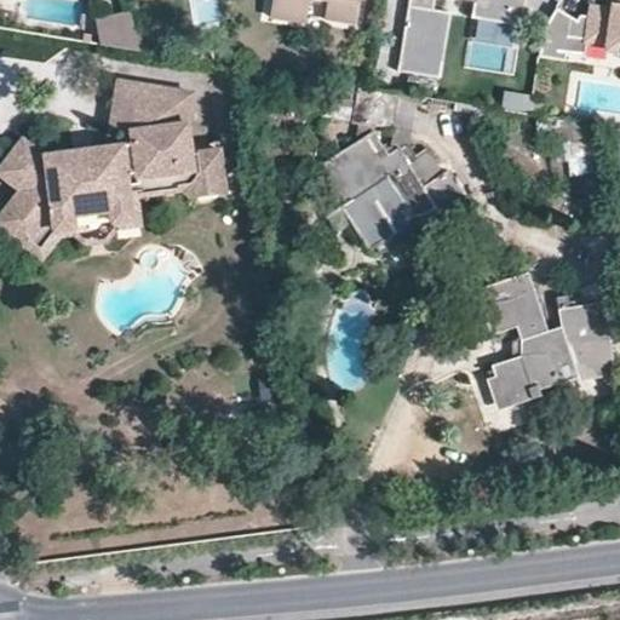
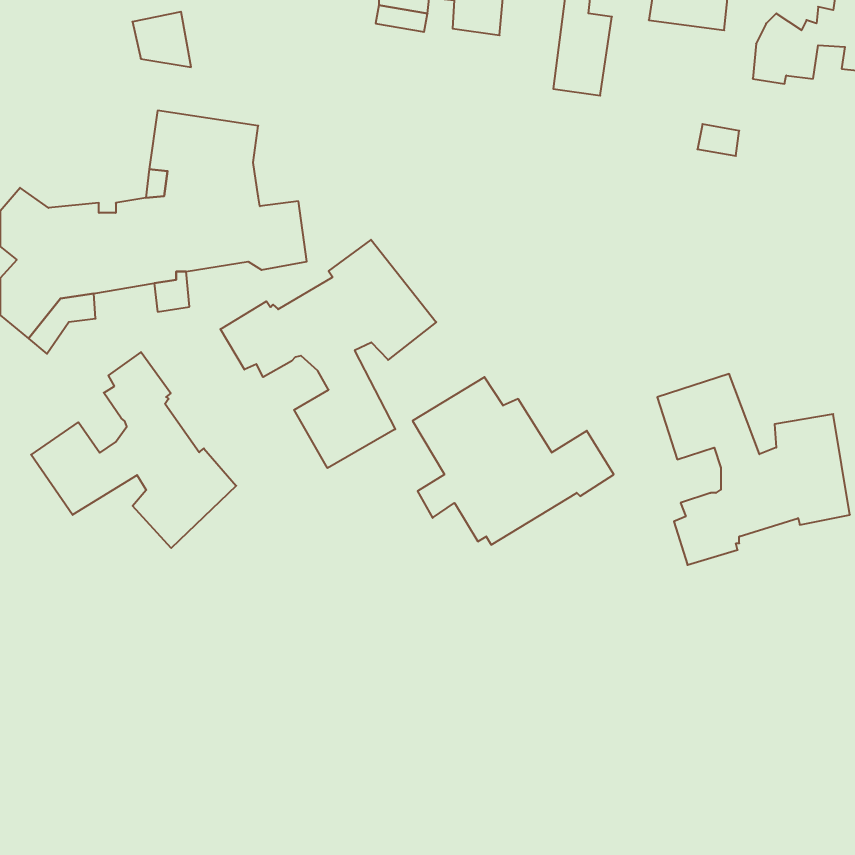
building: [323,130,469,251] -> [413,377,614,545]
building: none -> [220,240,436,468]
building: none -> [31,352,236,548]

